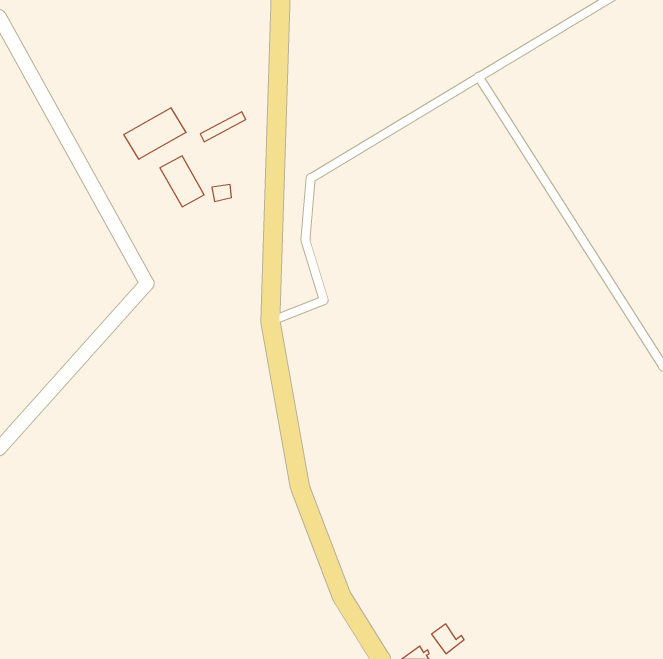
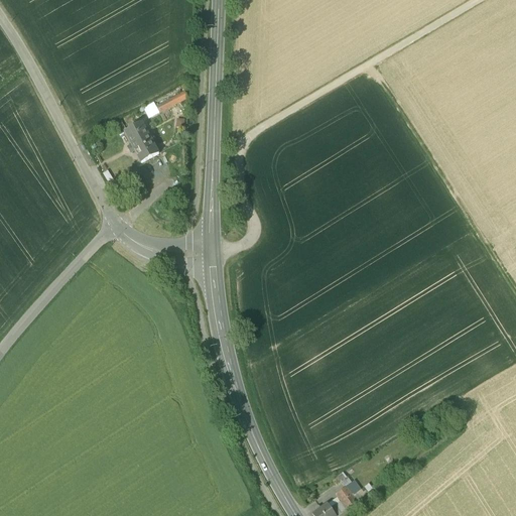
building: [124,108,186,159] -> none

